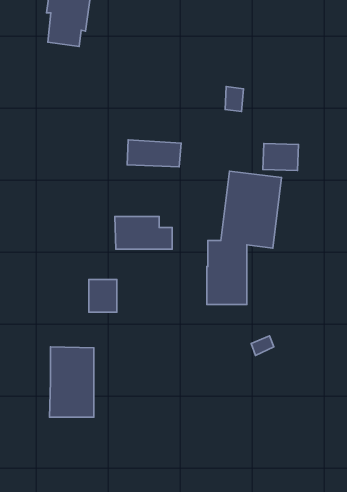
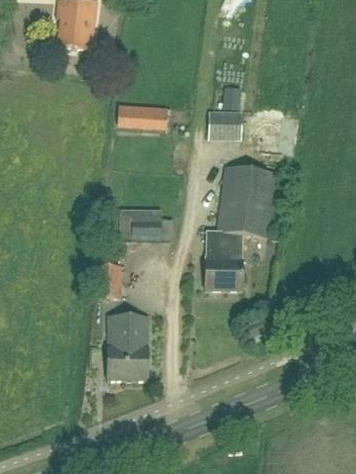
building: [127,140,181,167] -> [118,104,168,129]
building: [263,143,299,170] -> [208,112,241,137]
building: [49,347,94,417] -> [107,314,148,380]

